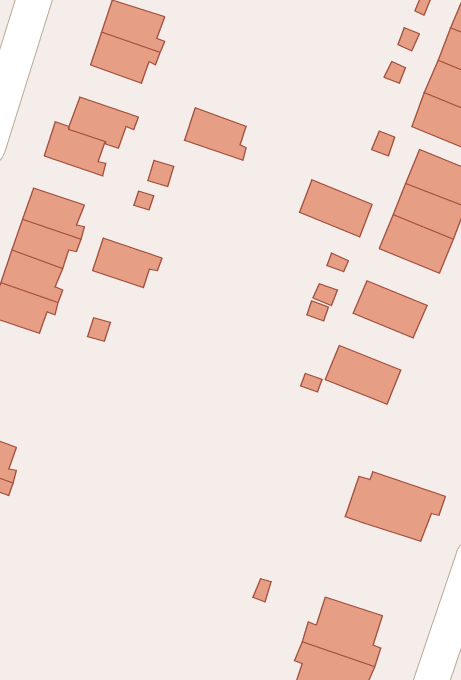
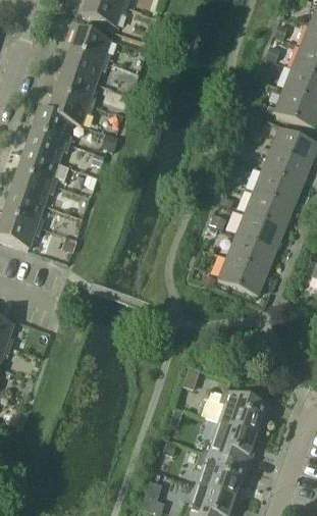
building: [184,108,246,160] -> [55,70,96,105]
building: [299,180,372,237] -> [245,192,293,229]
building: [93,238,162,288] -> [24,131,70,163]
building: none -> [226,235,275,272]
building: [345,472,445,541] -> [205,389,271,434]

